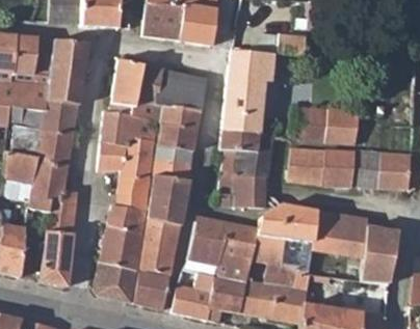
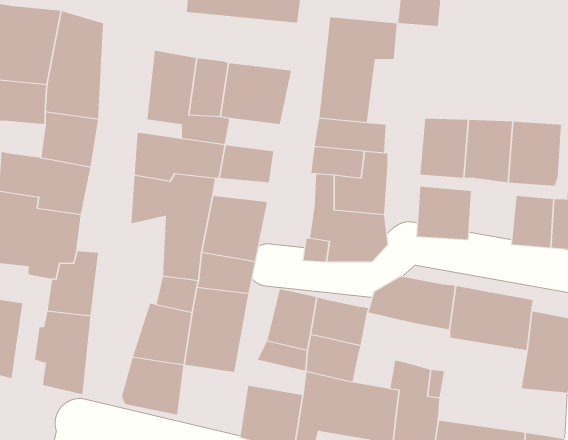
building: [323,152,355,187] -> none
building: [252,231,288,265] -> none
building: [132,266,169,305] -> none

